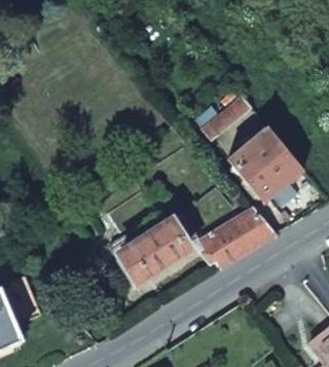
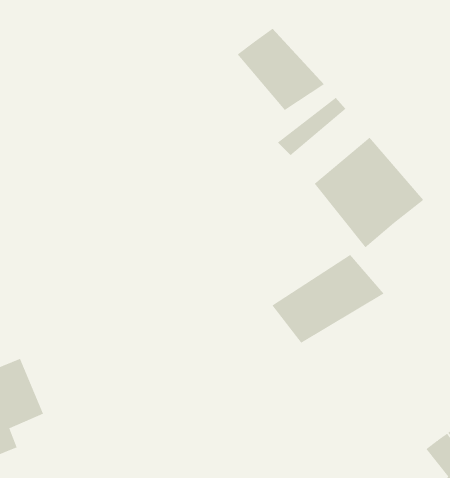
building: none -> [237,28,325,111]
building: [107,216,197,281] -> none

